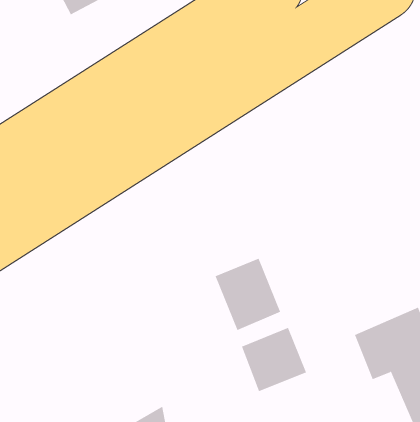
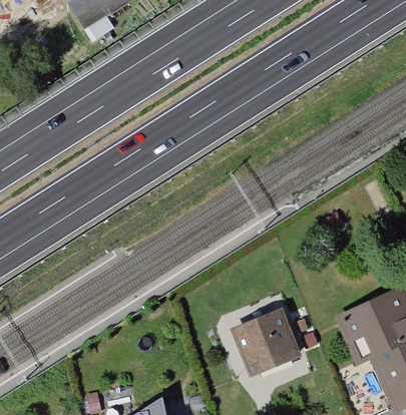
building: [215,258,281,331] -> none

